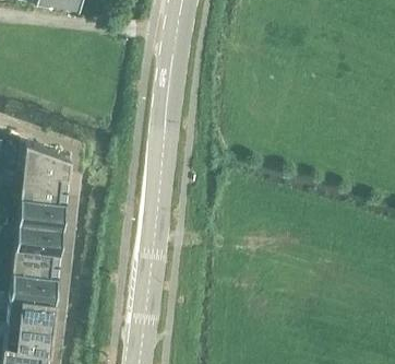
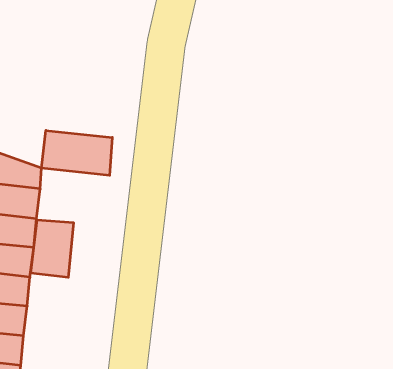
building: none -> [42,130,112,175]
building: none -> [31,220,73,277]

